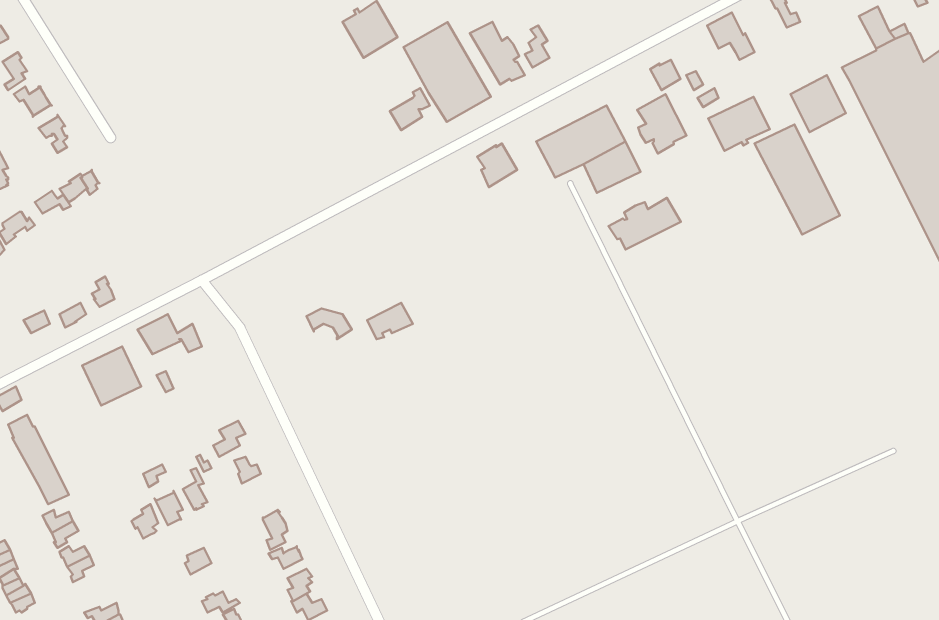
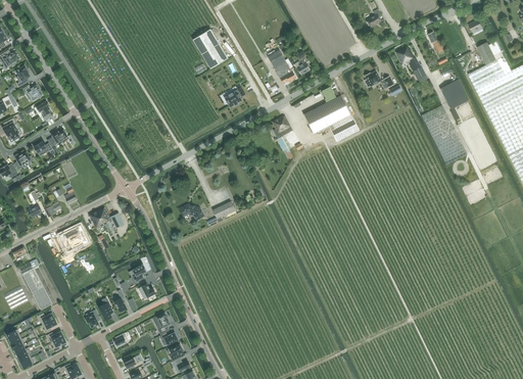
building: [404,22,491,122] -> none
building: [637,94,686,154] -> none
building: [708,97,770,151] -> none
building: [609,198,681,249] -> none

